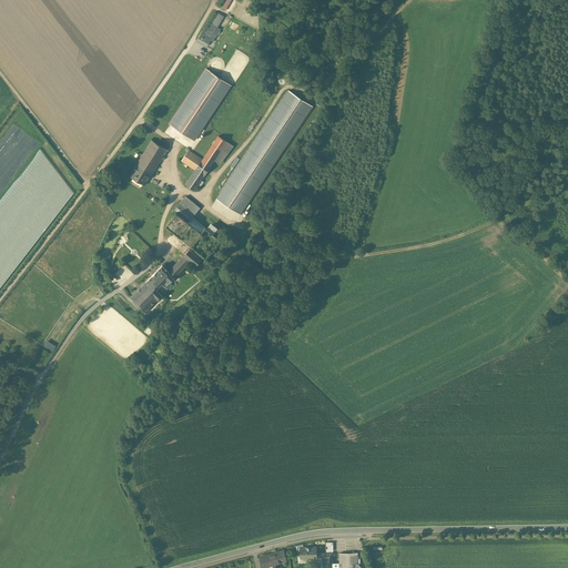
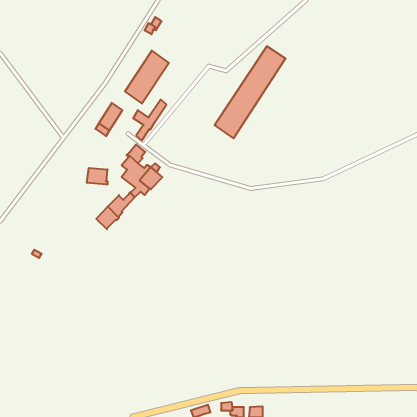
building: [216,90,313,215] -> [215,46,286,138]
building: none -> [87,168,108,185]

